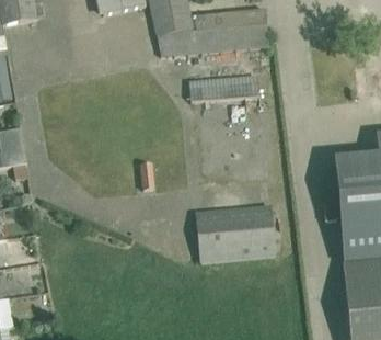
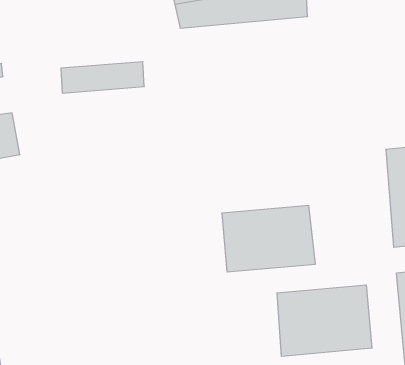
building: [188,73,258,100] -> [61,62,144,93]
building: none -> [277,285,372,356]

